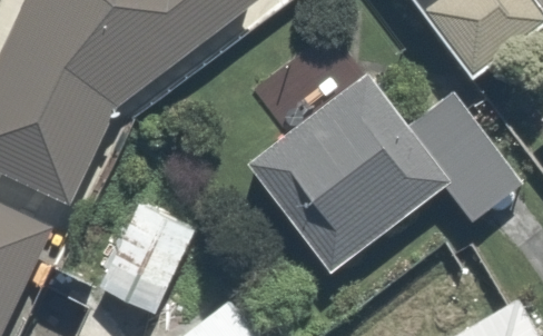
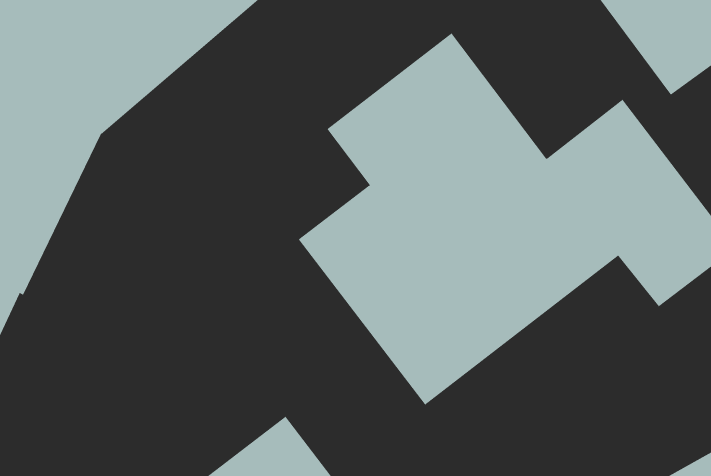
building: [96,192,197,315] -> none

